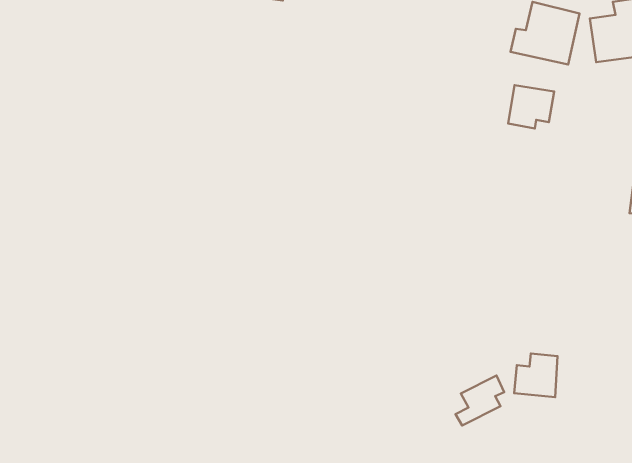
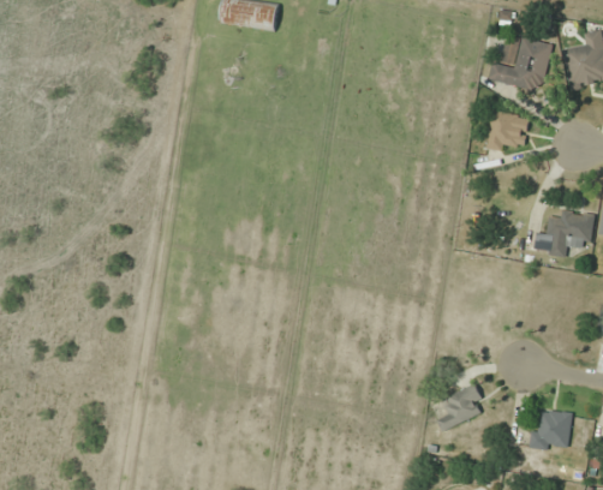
building: none -> [544,209,595,256]
building: [514,354,558,397] -> [530,410,571,450]

